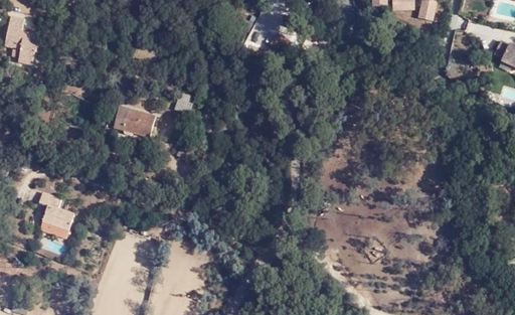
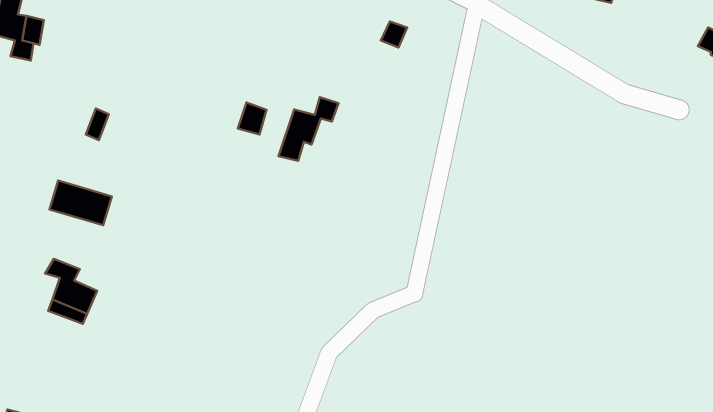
building: none -> [279,97,339,161]
building: [111,108,154,139] -> [50,180,112,225]

